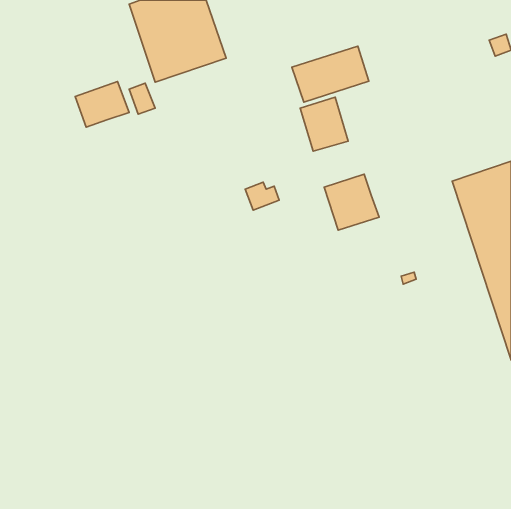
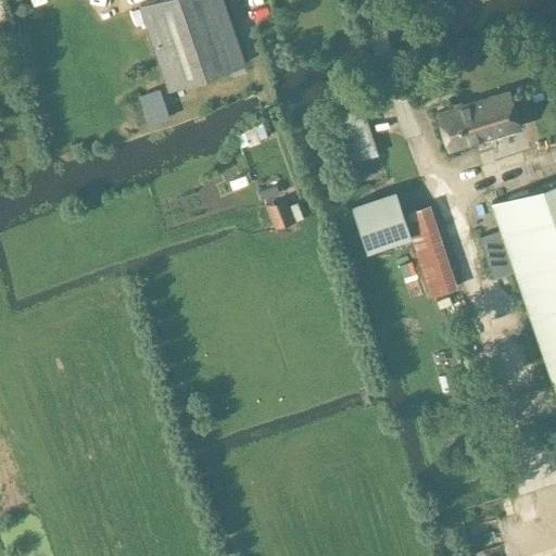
building: [292,46,369,102] -> [438,90,521,151]
building: [75,81,129,127] -> none
building: none -> [403,205,457,299]

